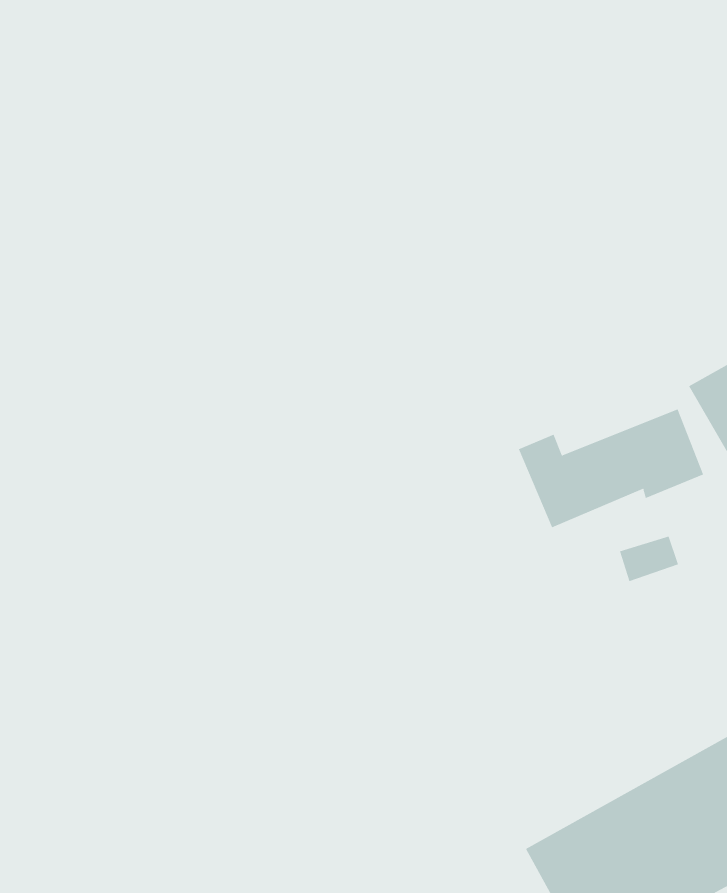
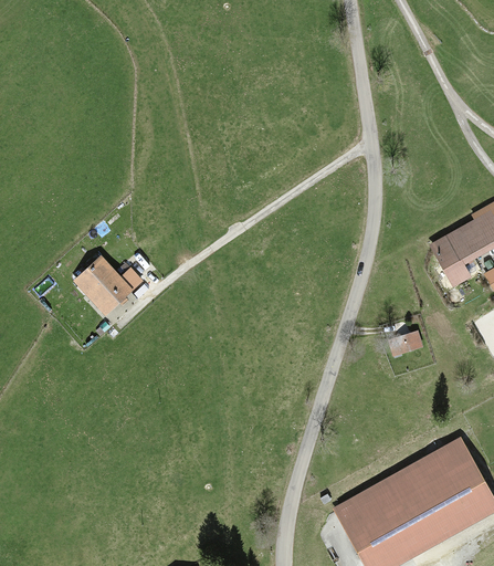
building: none -> [73,255,143,315]
building: [518,408,704,528] -> none

